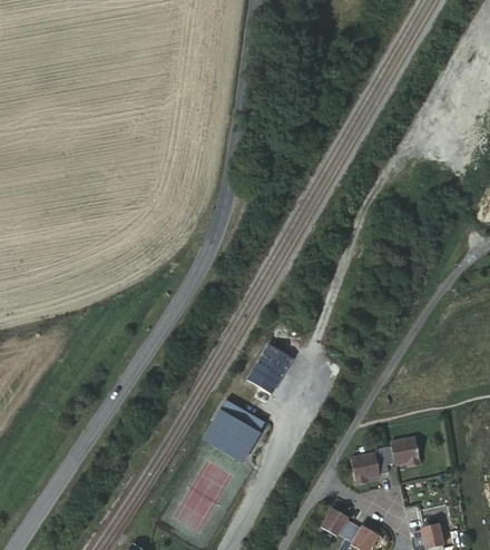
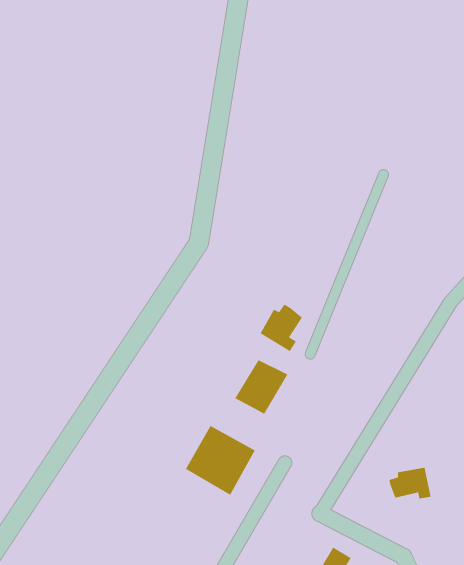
building: none -> [259,304,303,352]
building: [352,452,389,483] -> none

